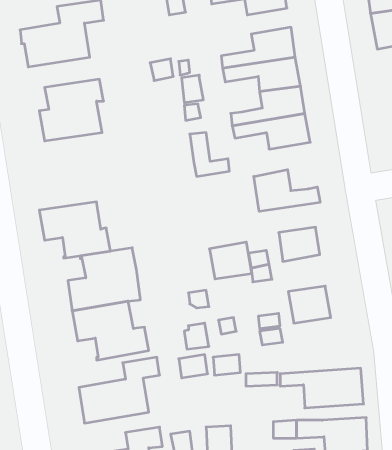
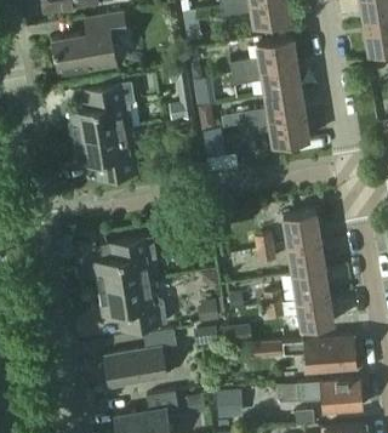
building: [254,170,320,211] -> none
building: [39,202,110,258] -> [74,130,137,180]
building: [209,242,252,279] -> [285,238,323,270]
building: none -> [295,294,333,331]

